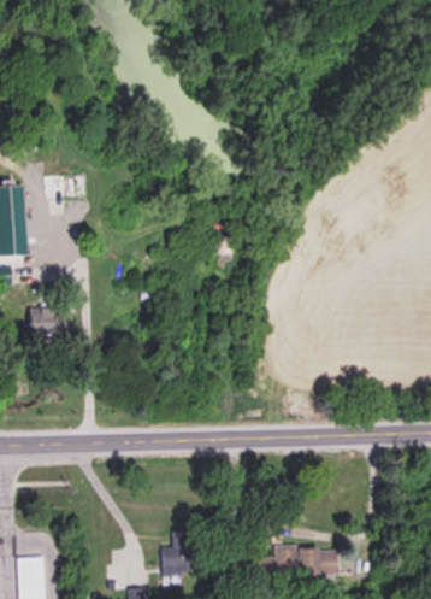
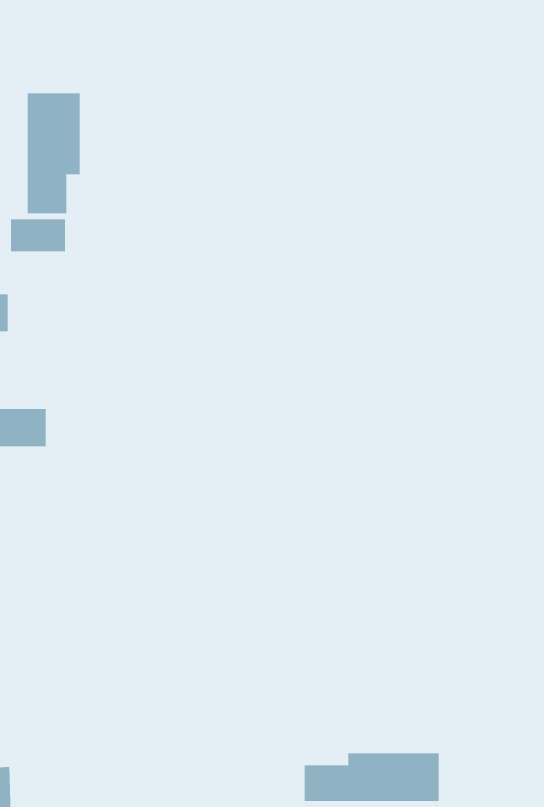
building: none -> [27,92,80,214]
building: [163,530,191,571] -> none

